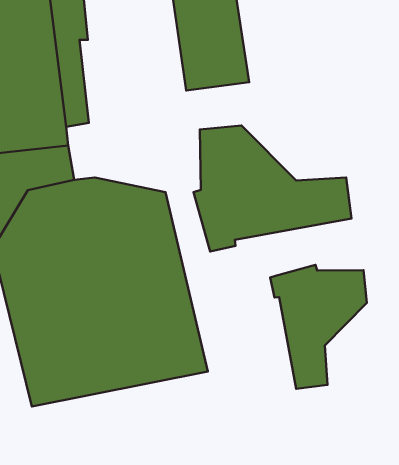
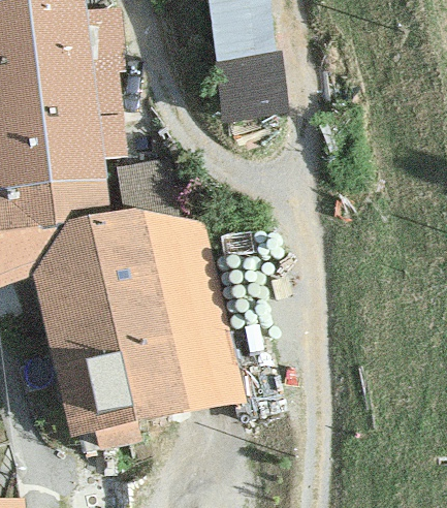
building: [194,125,352,251] -> none
building: [270,265,367,389] -> none

